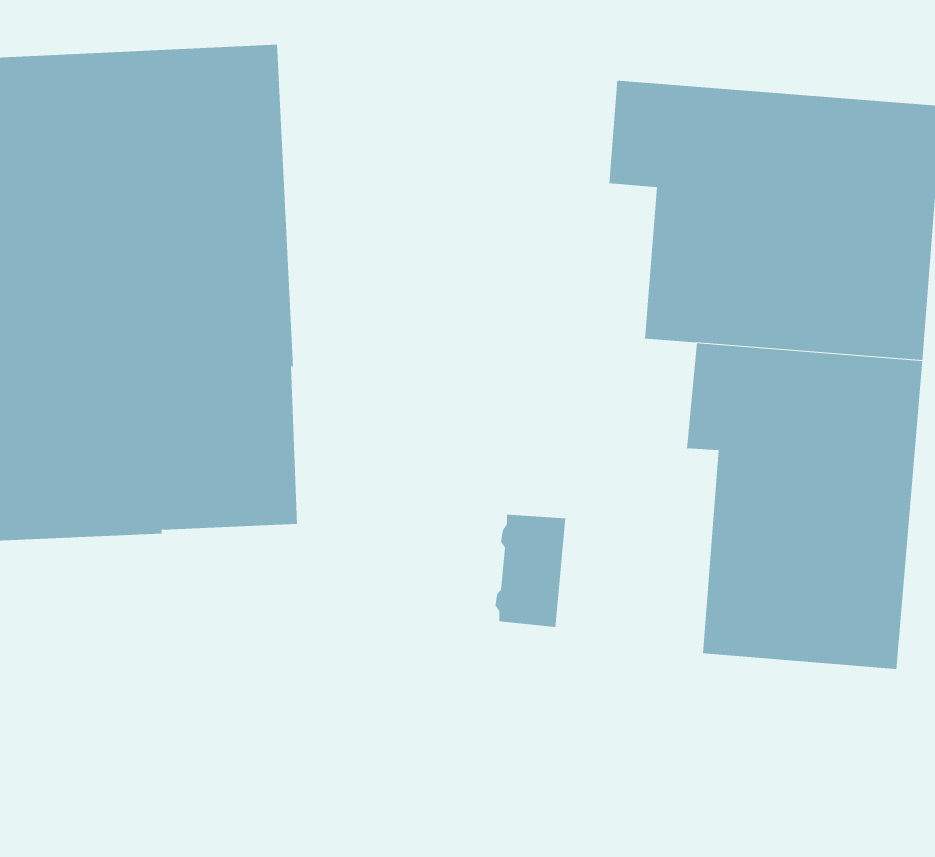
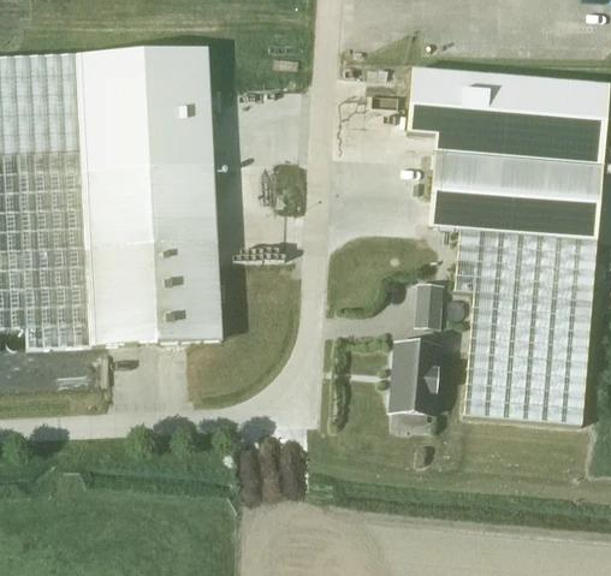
building: none -> [416,281,443,327]
building: [494,514,566,628] -> [390,343,433,411]

